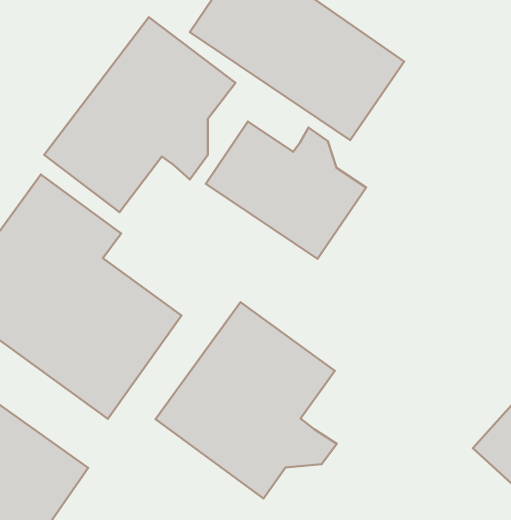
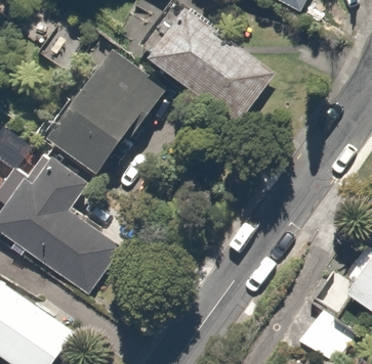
building: [206,121,366,259] -> none
building: [155,302,337,499] -> none

